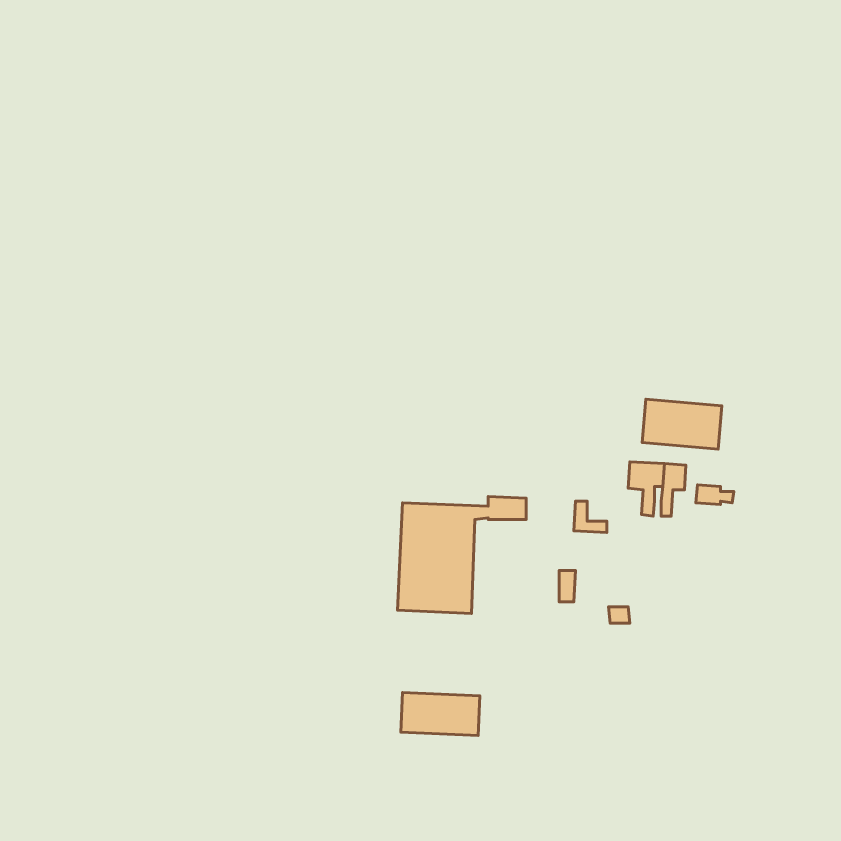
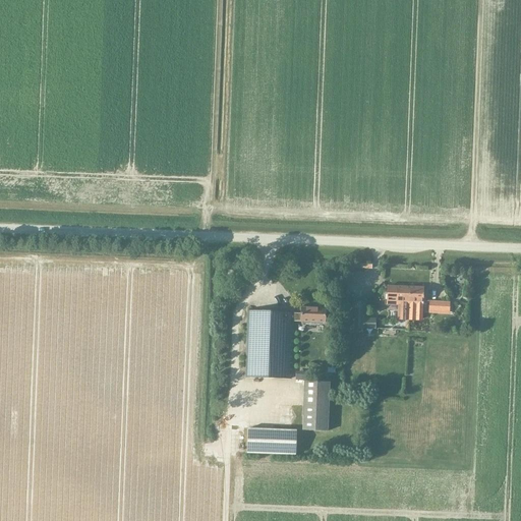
building: [642,399,722,449] -> none
building: none -> [302,381,329,430]

